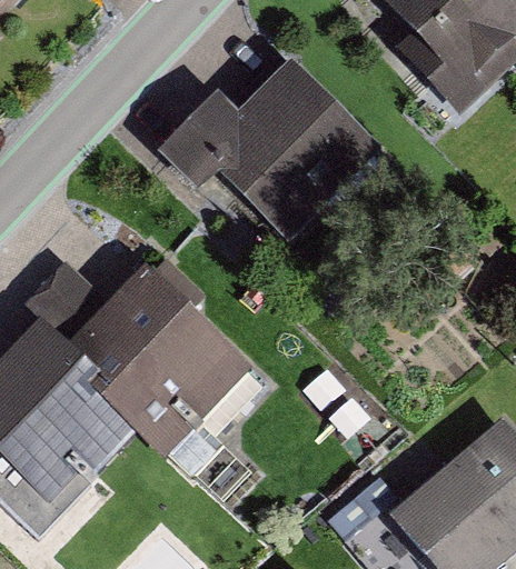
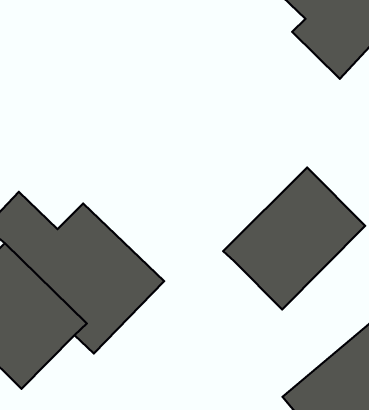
building: [162,66,376,241] -> none
building: none -> [223,168,365,309]

